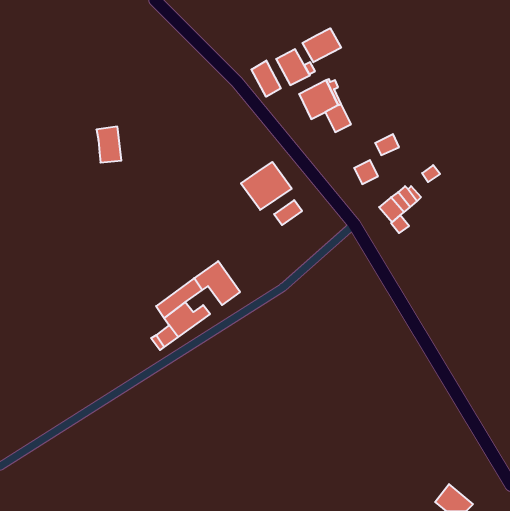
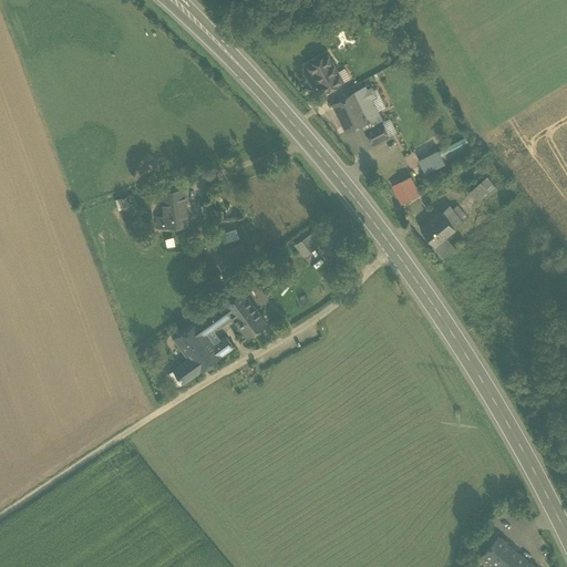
building: [302,28,341,62] -> none
building: [251,60,281,97] -> none
building: [96,127,121,163] -> [161,187,188,227]
building: [241,162,292,210] -> none

